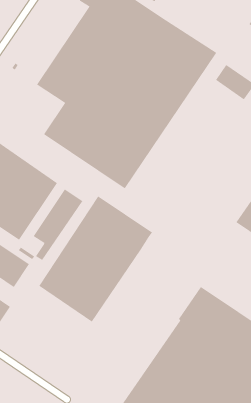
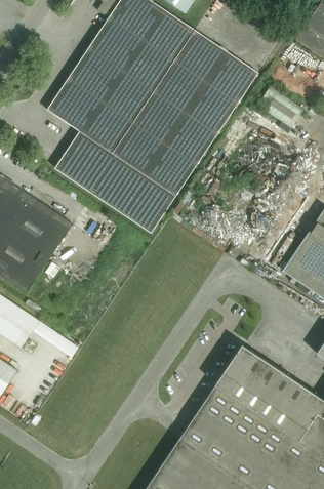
building: [33,189,83,261] -> none
building: [38,196,153,323] -> none

